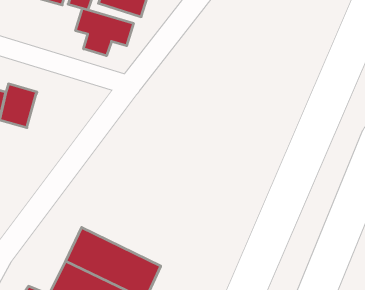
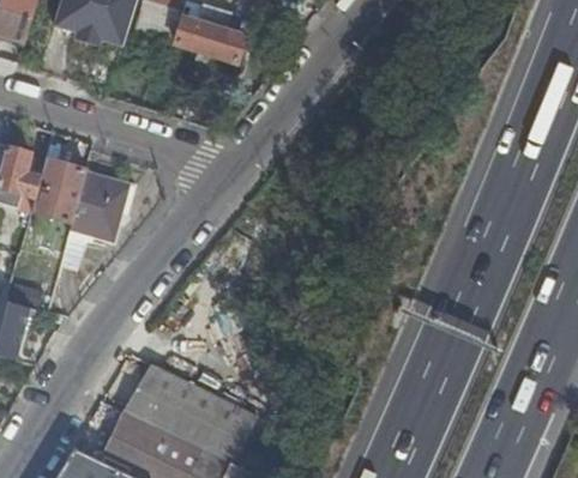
building: [76,8,133,56] -> none
building: none -> [60,171,136,270]

